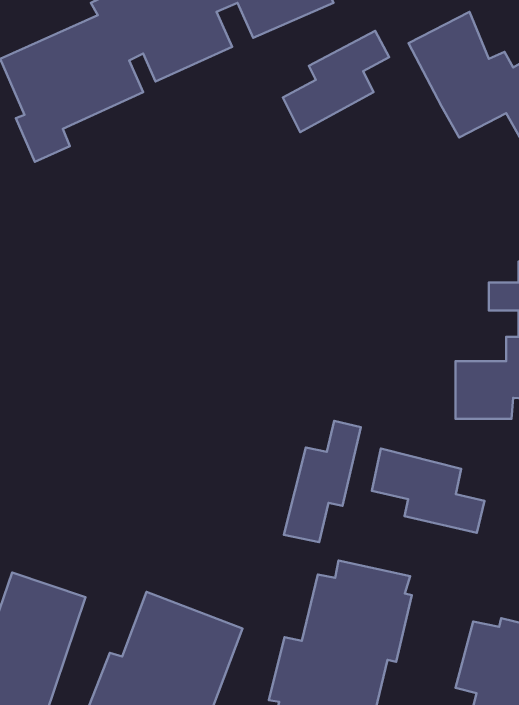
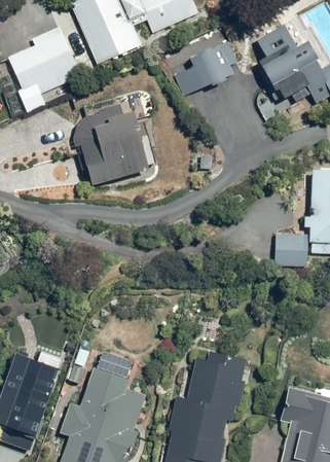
building: none -> [72,101,154,184]
building: [284,421,361,542] -> none
building: [372,449,484,533] -> none

